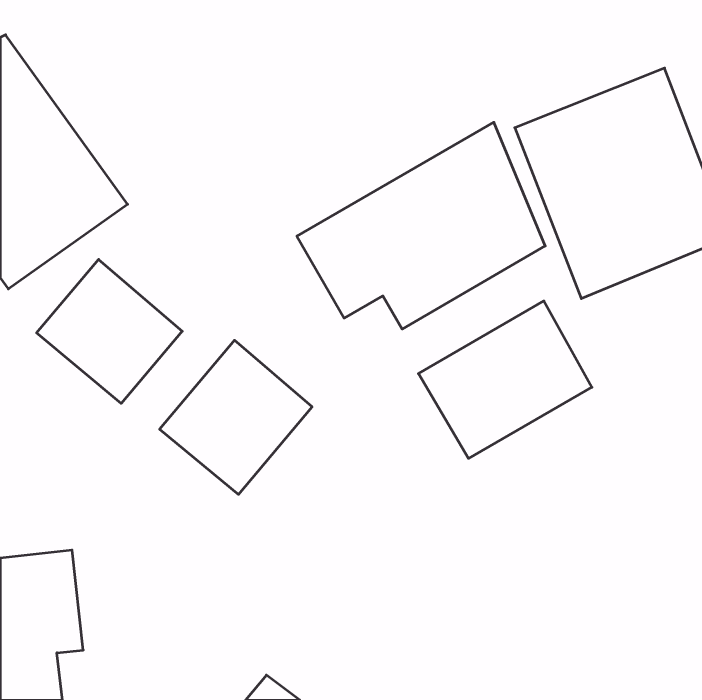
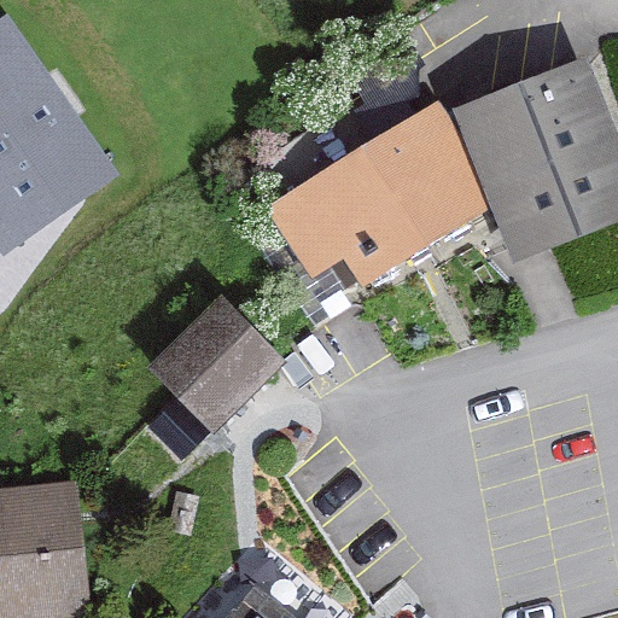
building: [37,259,182,403] -> none
building: [418,301,592,458] -> none

